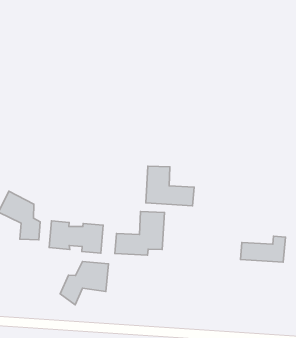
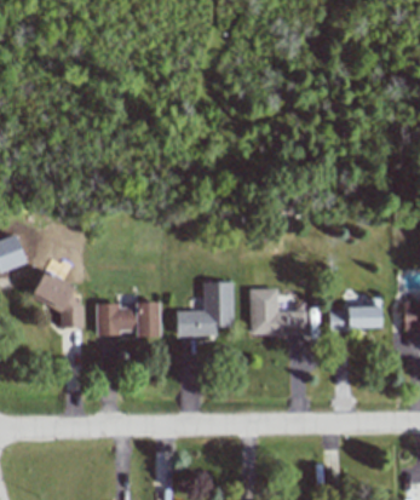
building: [146,166,194,206] -> [251,289,309,335]
building: [60,262,109,305] -> none

